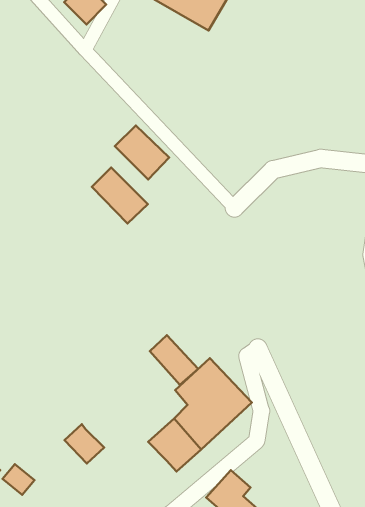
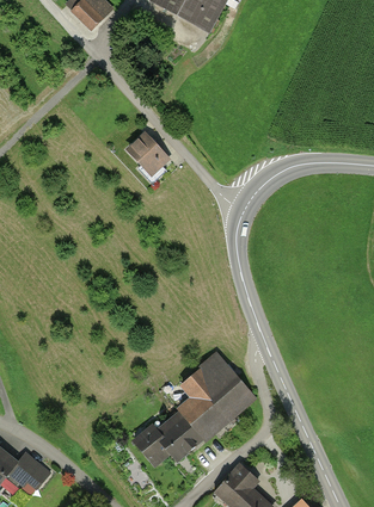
building: [92,168,148,223] -> none
building: [150,335,198,385] -> none
building: [65,424,104,464] -> [133,428,171,466]

